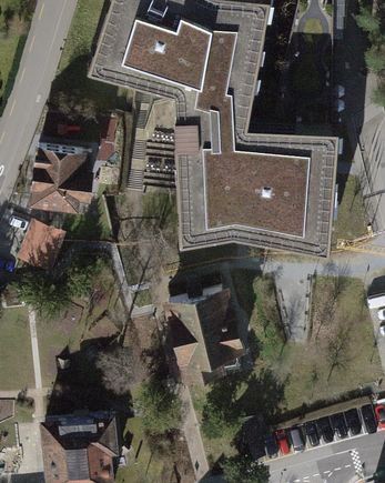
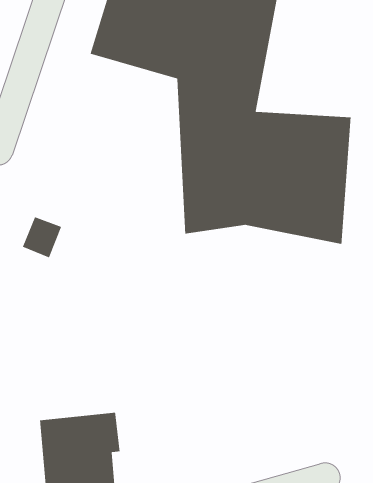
building: [28,143,94,211] -> none
building: [166,289,241,378] -> none

